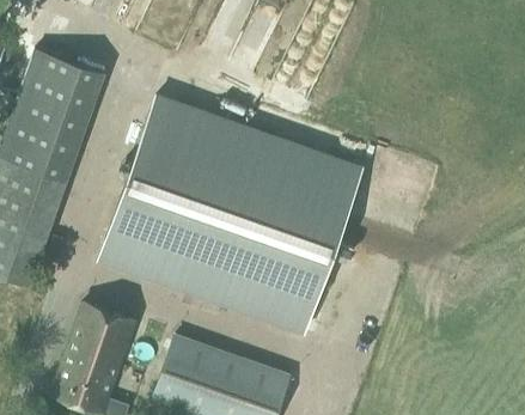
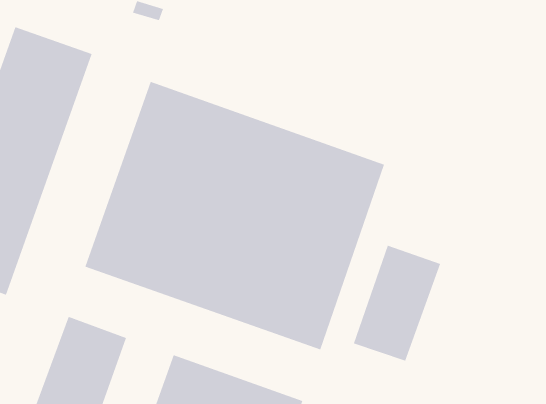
building: none -> [353,245,441,362]

